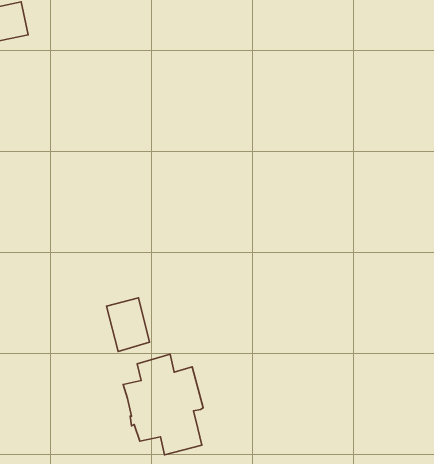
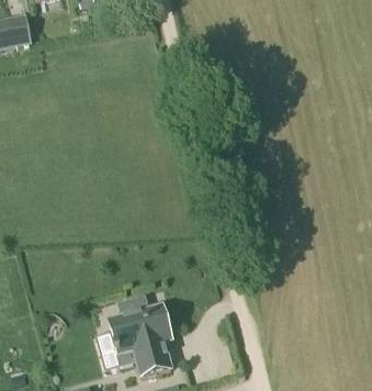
building: [106,298,150,351] -> none

